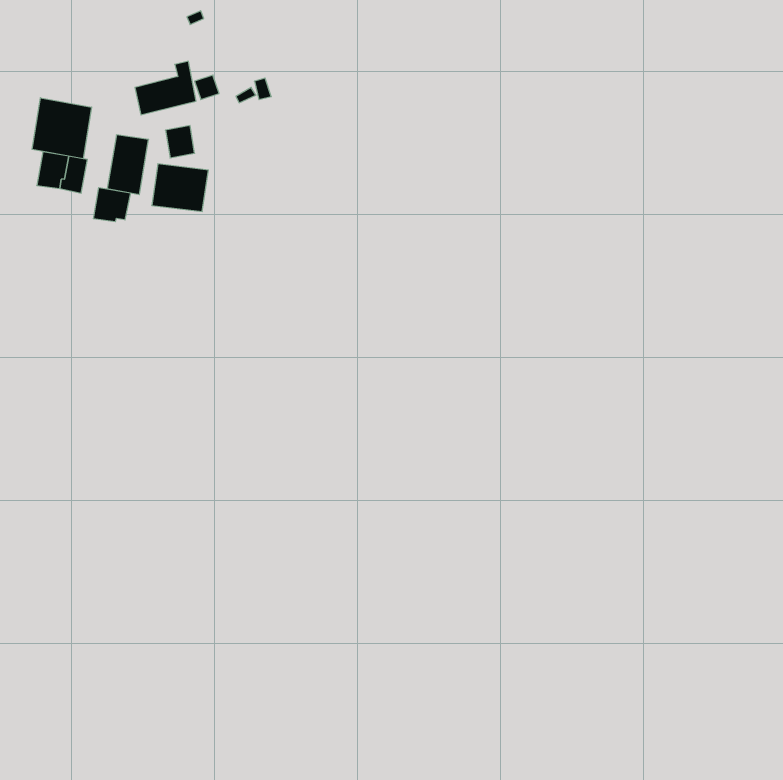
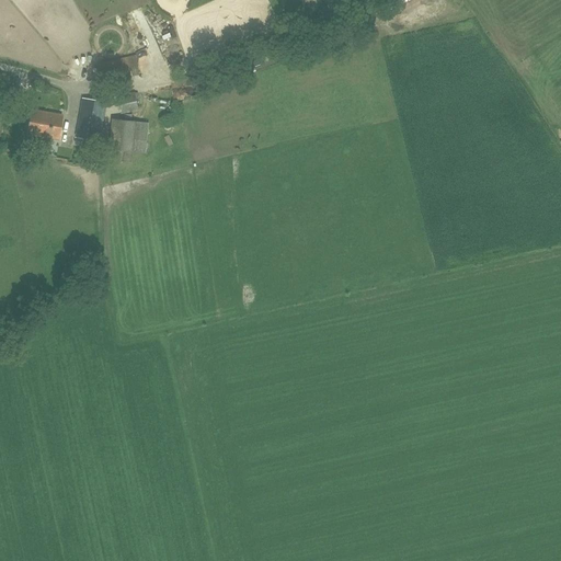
building: [32,98,92,159] -> none
building: [93,188,130,222] -> none

